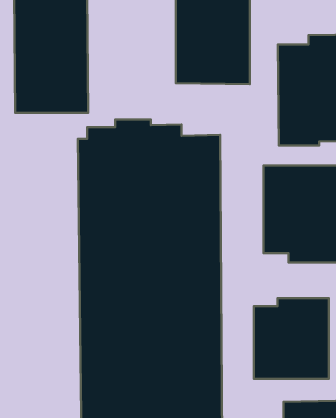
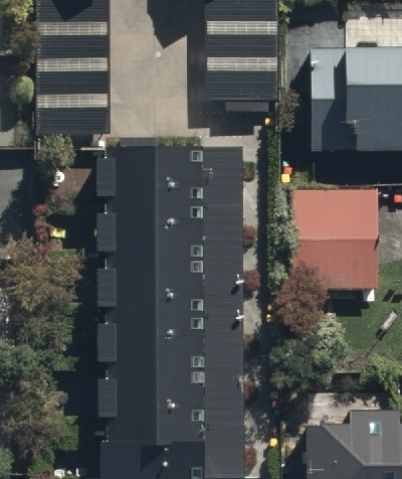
building: [254,298,329,379] -> none

